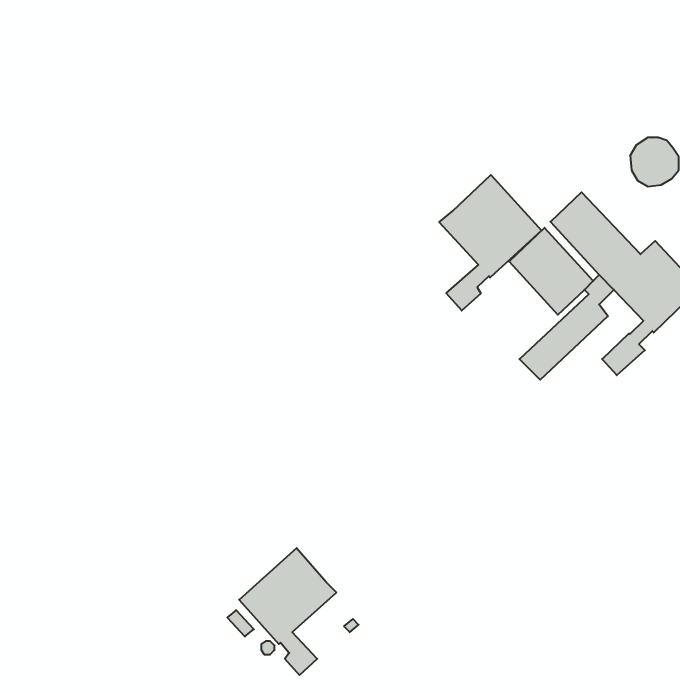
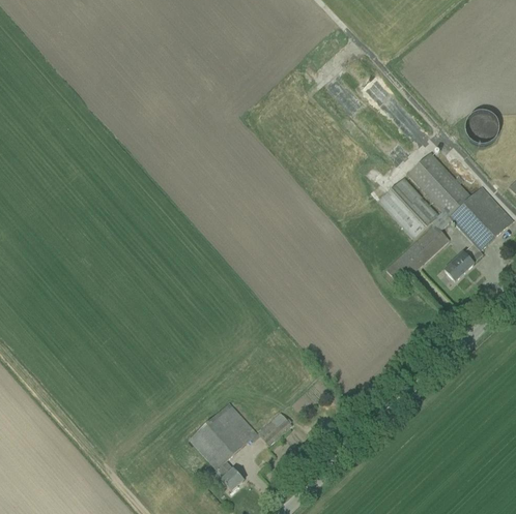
building: [439,175,542,311] -> none
building: none -> [257,411,291,444]

